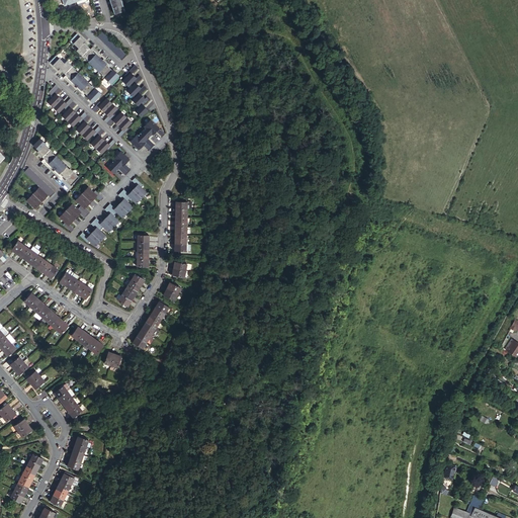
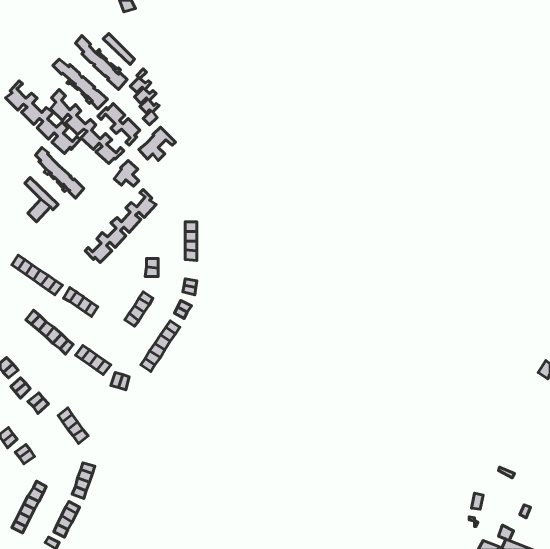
building: none -> [6,81,80,153]
building: [59,187,103,233] -> none

